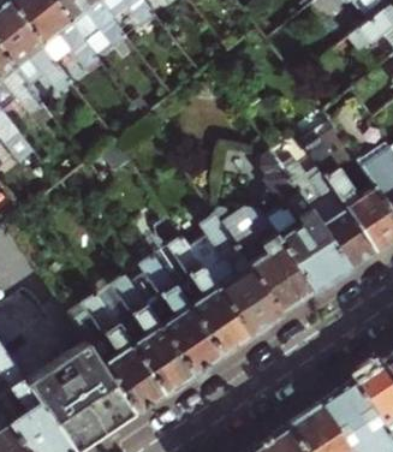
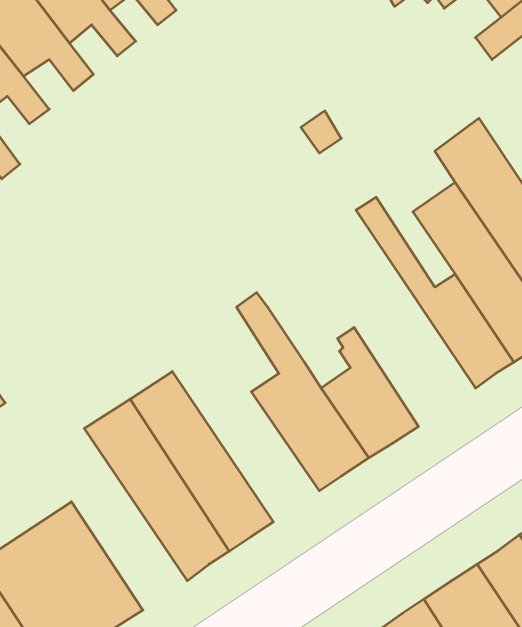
building: [215,156,351,295] -> none
building: [153,239,249,357] -> none
building: [66,296,162,415] -> none

